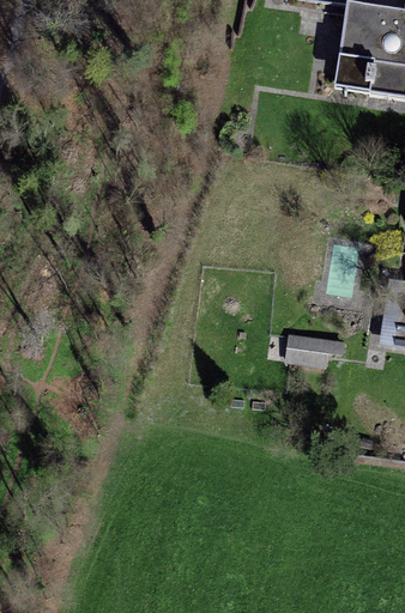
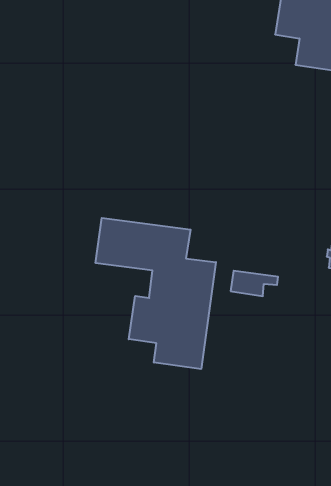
building: none -> [96,218,216,369]

